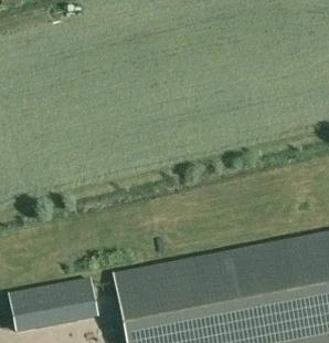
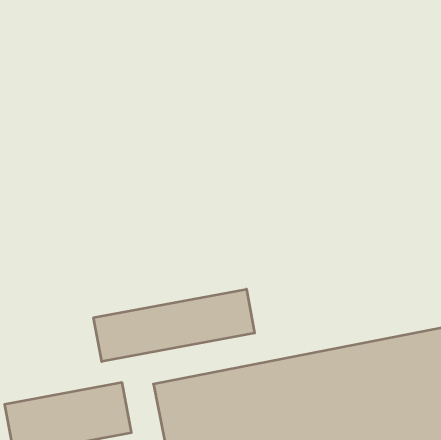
building: none -> [94,289,255,362]

